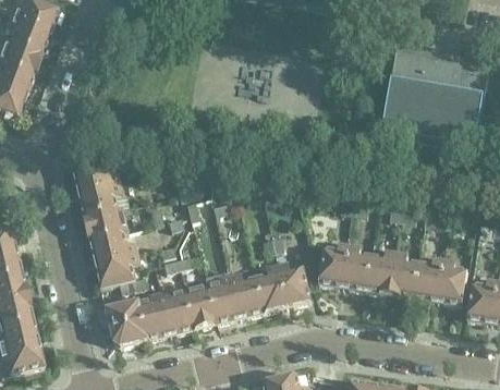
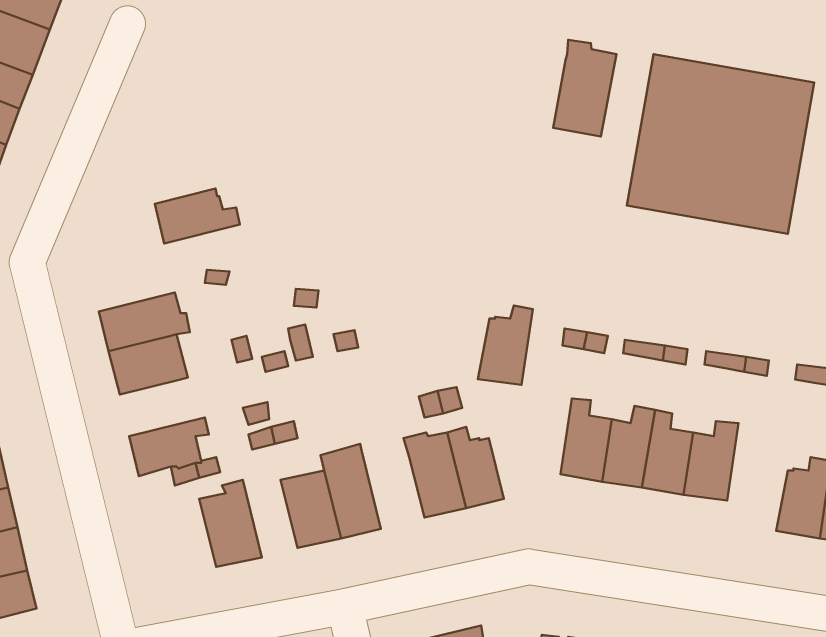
building: none -> [553,40,616,136]
building: [72,161,121,193] -> [155,189,240,243]
building: [89,232,138,265] -> none
building: [318,241,350,287] -> [478,305,533,385]
building: [439,257,466,305] -> none
building: [229,270,265,318] -> none
building: [160,288,192,334] -> none
building: [106,301,145,346] -> none

